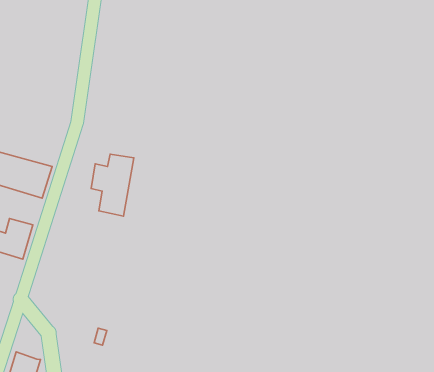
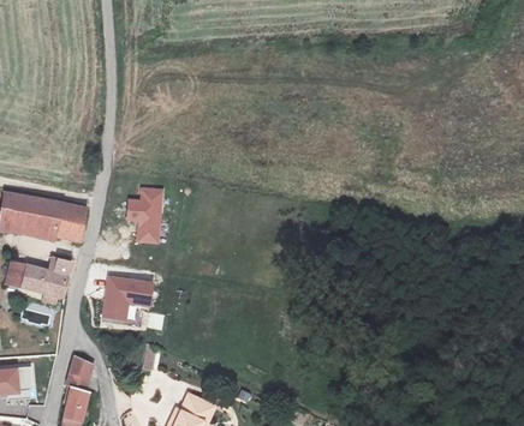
building: none -> [100,275,154,322]
building: none -> [71,360,94,390]

